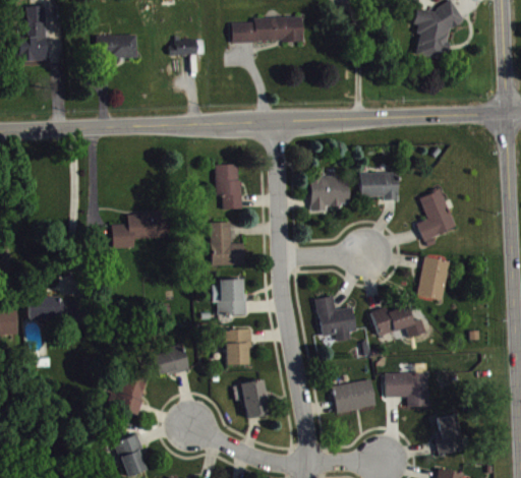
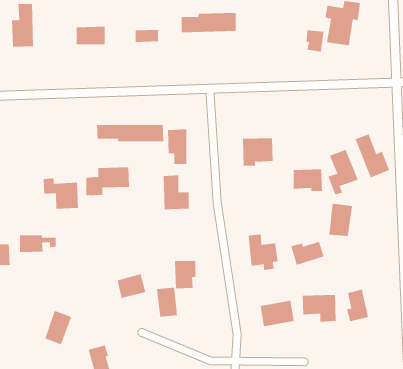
building: none -> [306,29,324,52]
building: none -> [97,124,164,142]
building: none -> [355,133,390,178]
building: [360,172,398,200] -> [293,169,323,192]
building: none -> [43,177,79,209]
building: [212,280,245,315] -> none
building: [113,371,148,415] -> [44,310,72,345]
building: [241,380,269,418] -> [156,287,178,317]
building: [435,414,463,456] -> [346,289,369,322]

